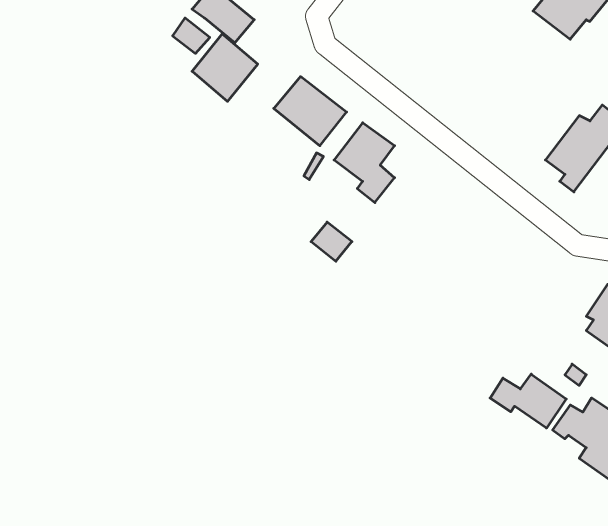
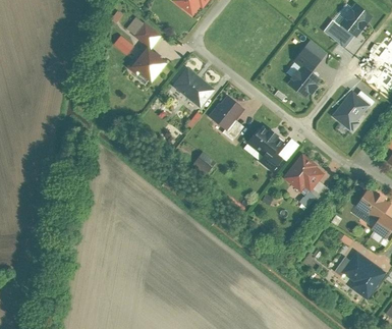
building: none -> [287,46,322,98]
building: none -> [244,124,284,171]
building: none -> [283,154,325,190]
building: [490,374,566,428] -> none

